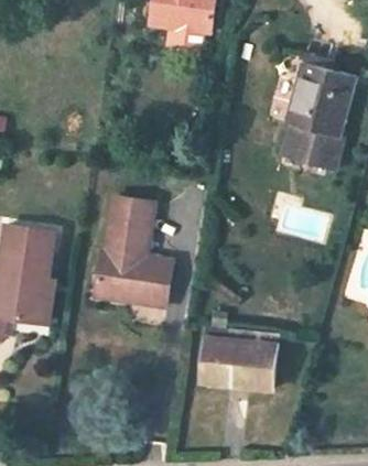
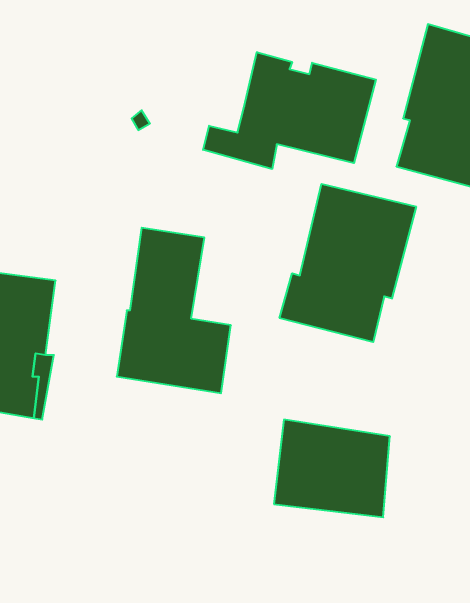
building: none -> [203,52,376,169]
building: none -> [280,184,416,342]

